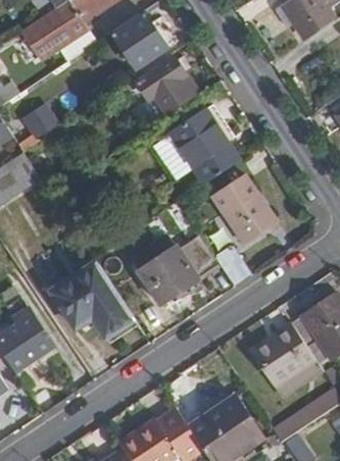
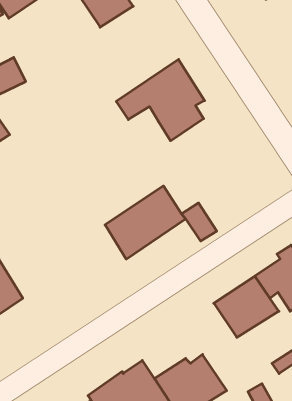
building: [134,58,190,114] -> none
building: [214,175,276,242] -> none
building: [48,264,132,341] -> none

